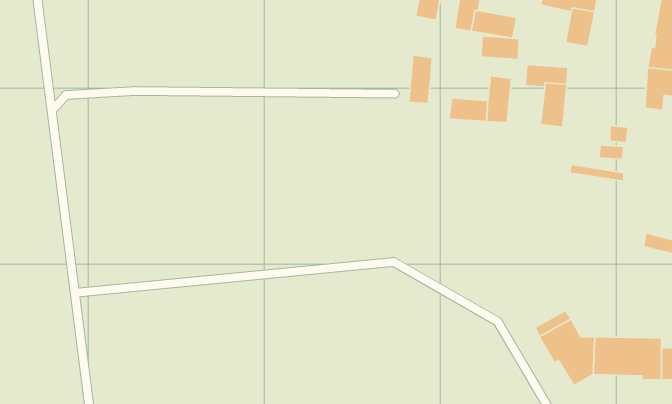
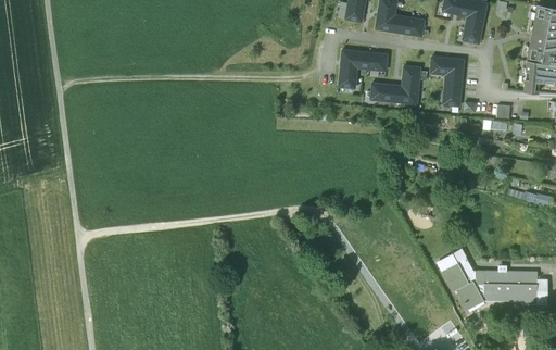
building: [481,36,520,60] -> [356,52,387,71]

